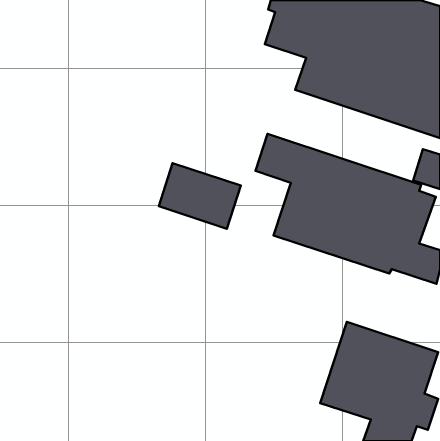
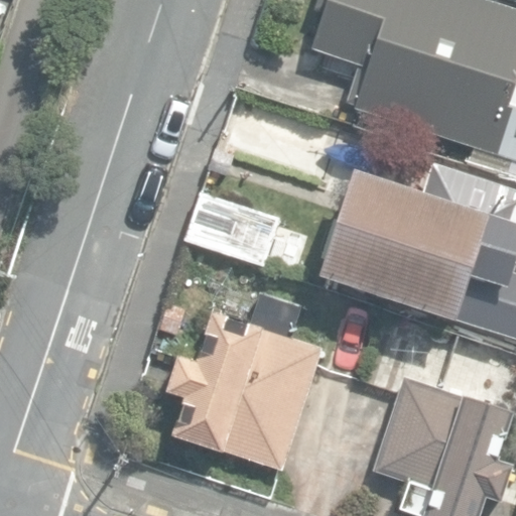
building: none -> [168,292,321,472]

